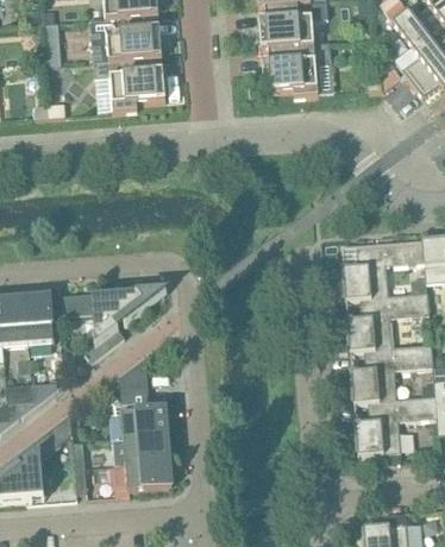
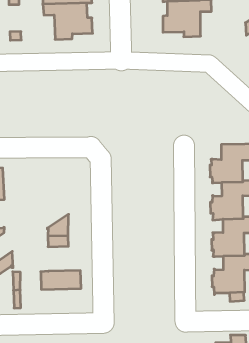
building: [57,291,167,360] -> none
building: [115,408,168,438] -> none
building: [112,459,173,495] -> none

